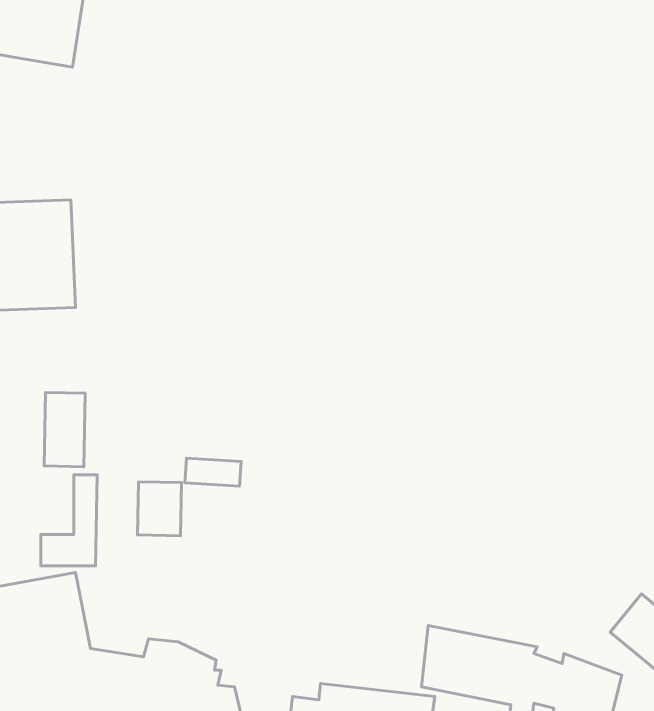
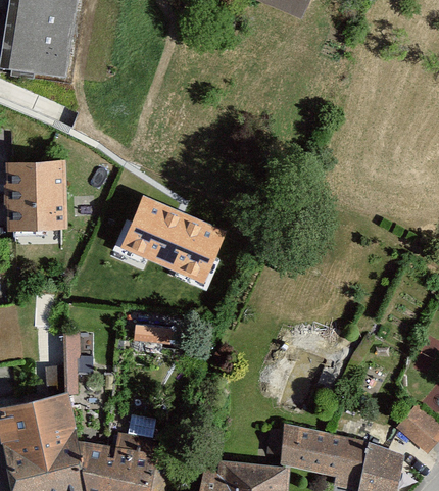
building: none -> [119,196,225,283]
building: [44,392,85,467] -> none
building: [138,482,181,536] -> none

